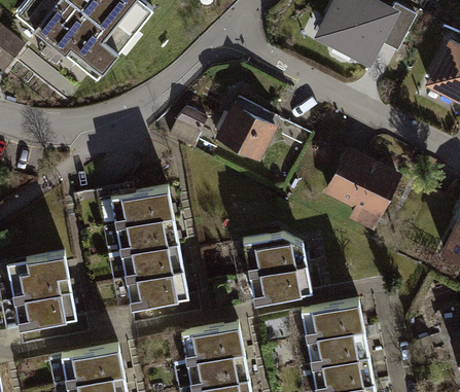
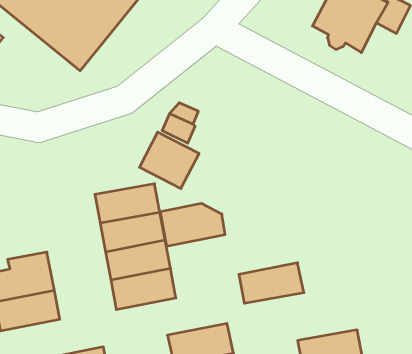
building: [217,106,275,161] -> [139,132,199,189]
building: [327,153,397,217] -> none
building: [243,235,306,276] -> [160,203,225,246]
building: [300,301,363,340] -> none

